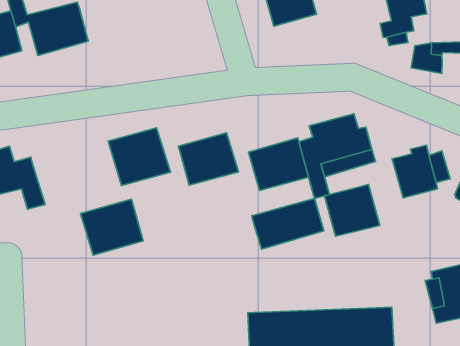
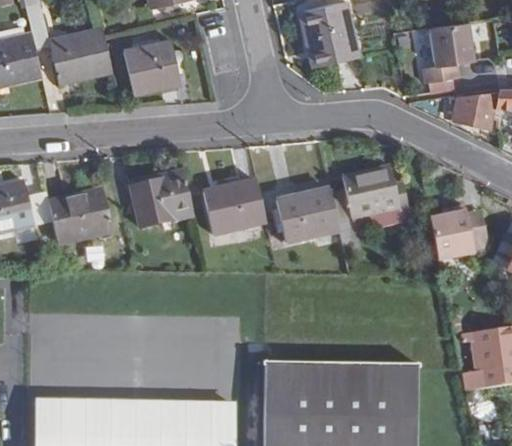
building: none -> [124,39,181,89]
building: [325,184,380,236] -> none
building: [252,198,324,249] -> none
building: [80,199,143,255] -> [46,183,111,240]

